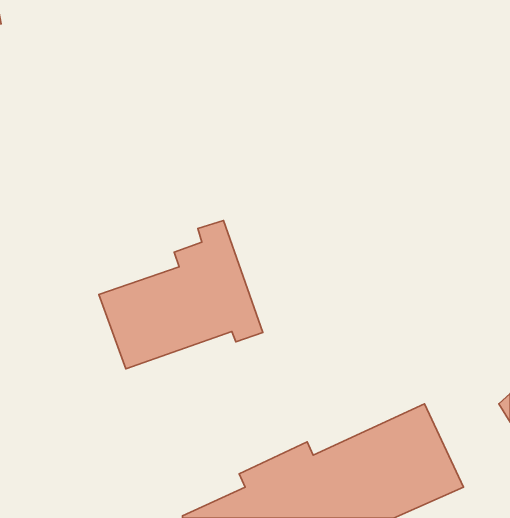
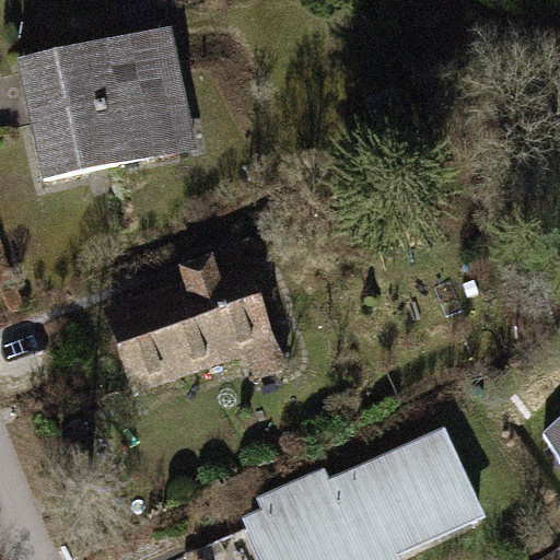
building: none -> [13,33,197,183]

